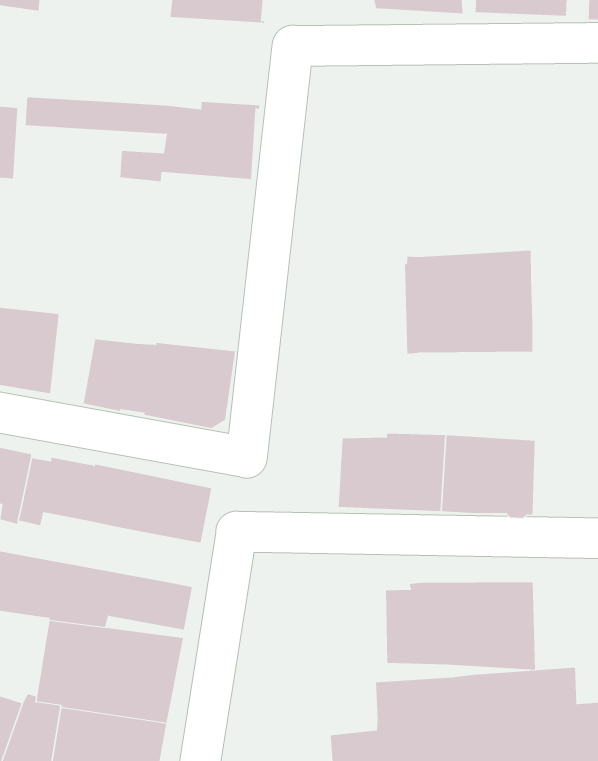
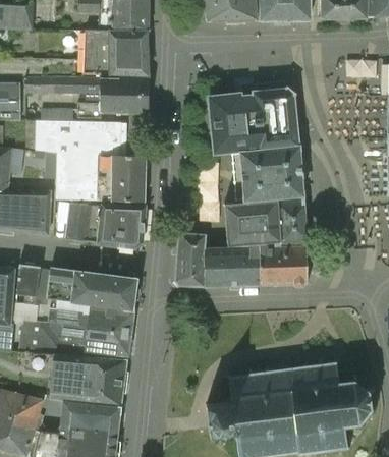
building: none -> [84,31,150,75]
building: none -> [202,87,297,154]
building: none -> [36,120,146,201]
building: none -> [175,232,205,285]
building: none -> [55,303,132,332]
building: [385,582,536,670] -> [224,196,307,244]

